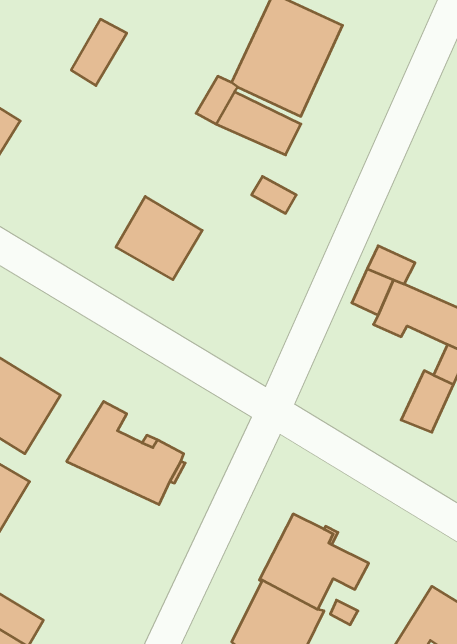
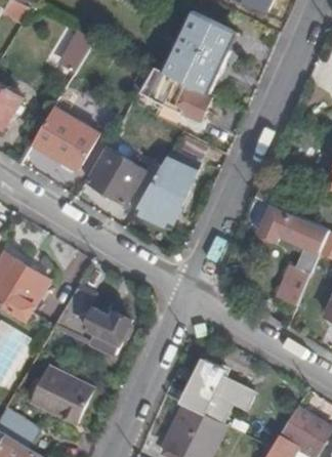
building: none -> [33,109,98,172]
building: none -> [134,152,196,232]
building: none -> [29,365,91,422]

